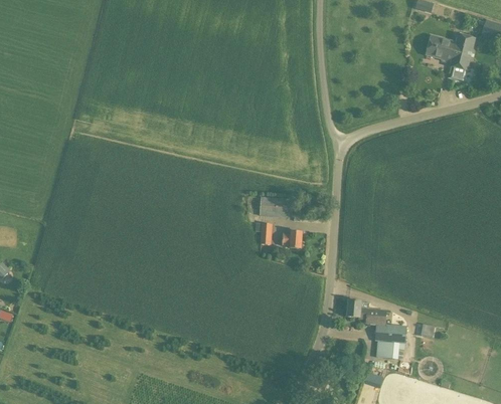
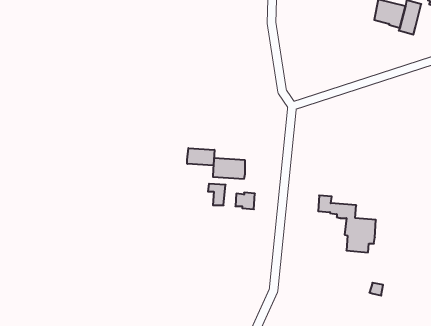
building: none -> [187,148,214,166]
building: [346,300,405,359] -> [318,195,376,252]

